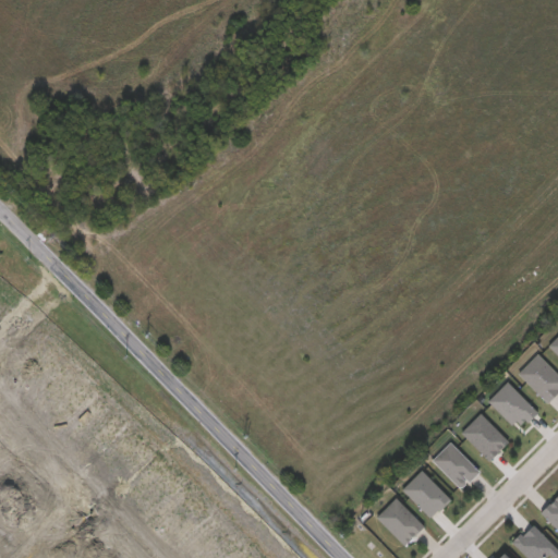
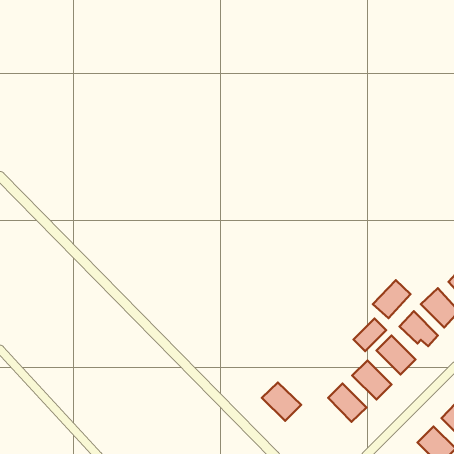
building: none -> [373,280,411,318]
building: none -> [354,318,386,351]
building: [377,499,425,546] -> [262,383,301,421]

